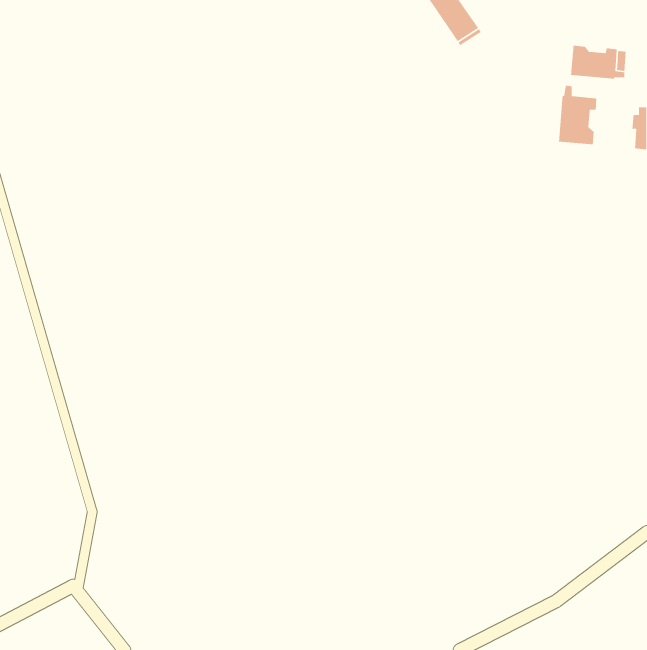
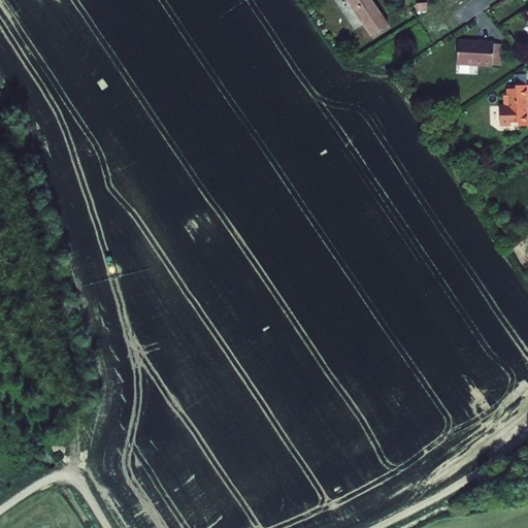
building: [558,85,597,145] -> none

